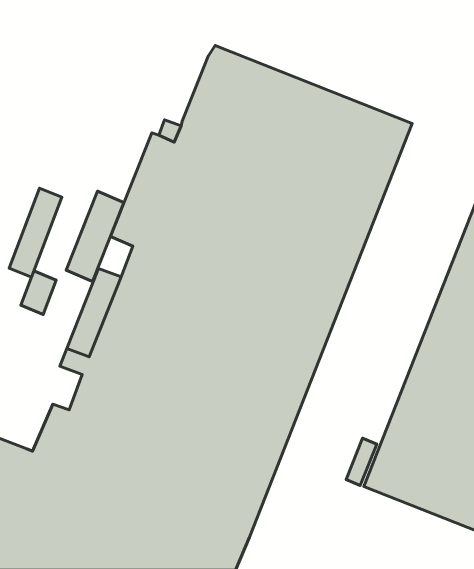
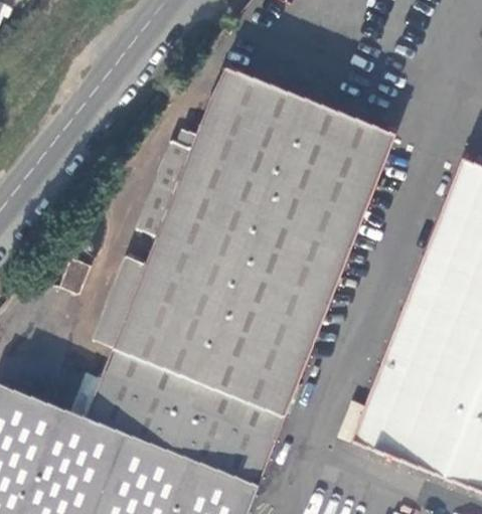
building: [9,188,62,277] -> none
building: [66,191,124,281] -> none

